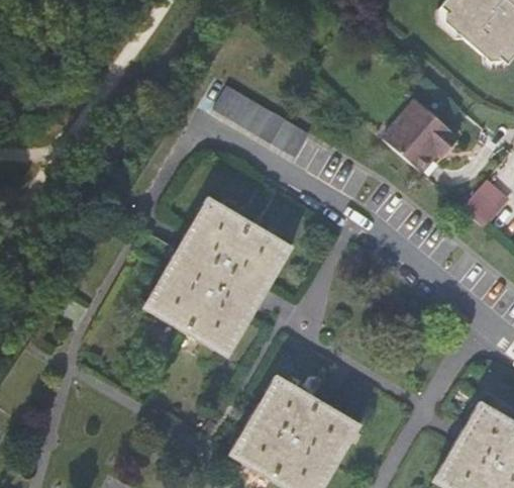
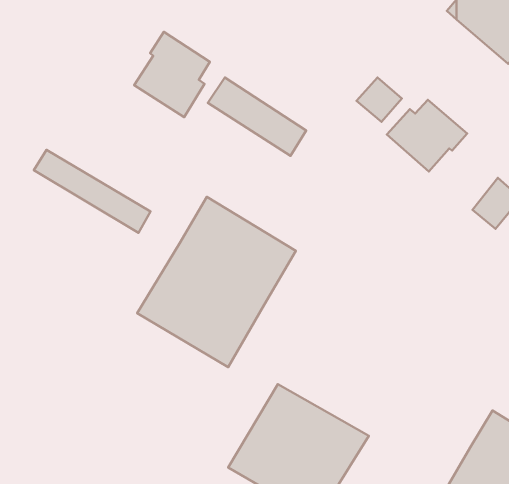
building: none -> [134,32,210,117]
building: none -> [357,77,402,122]
building: none -> [34,150,150,233]

